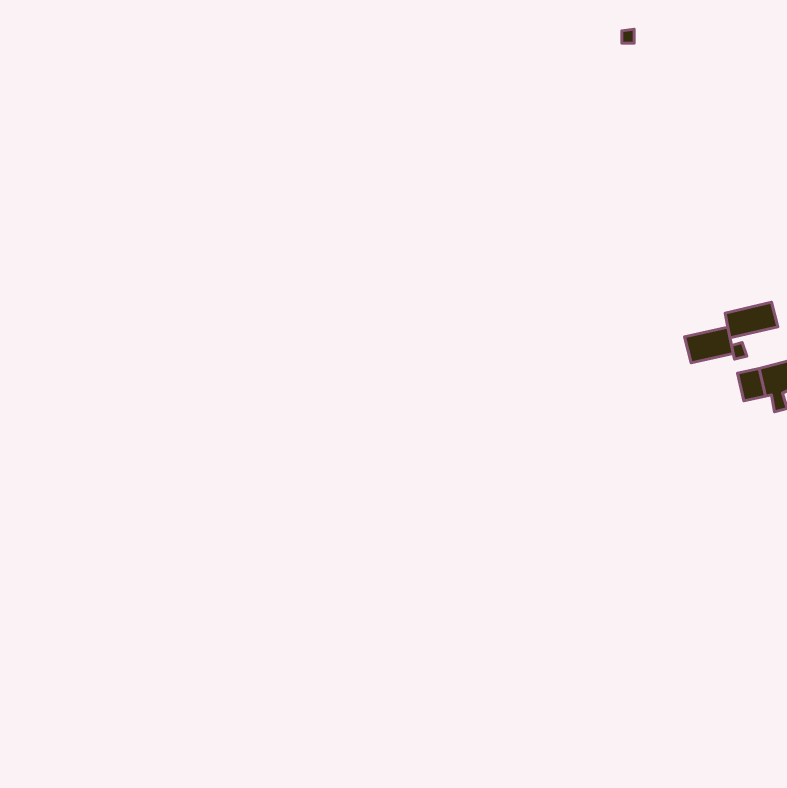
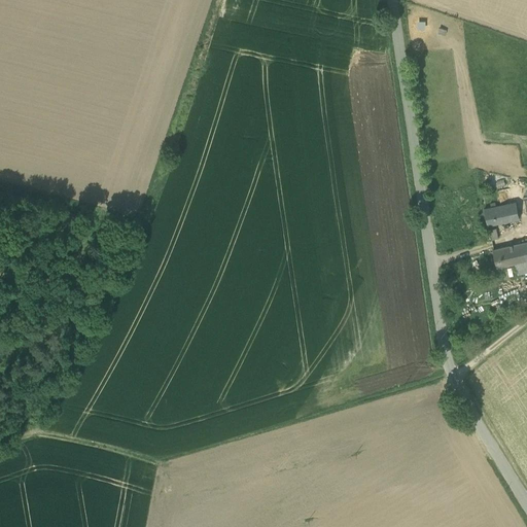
building: [685,327,733,363] -> none

